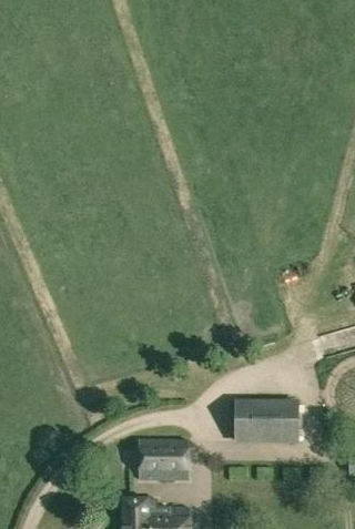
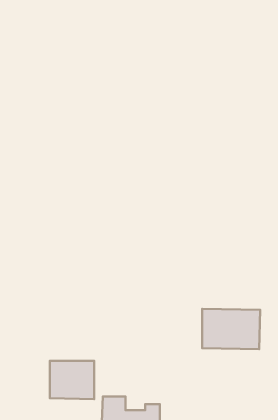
building: [138,438,187,481] -> [50,361,94,399]

